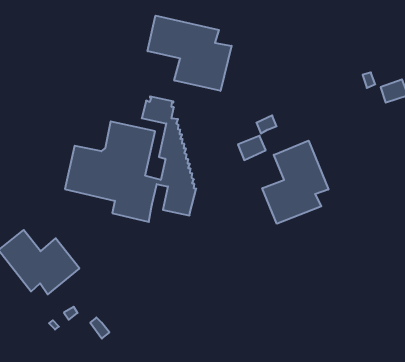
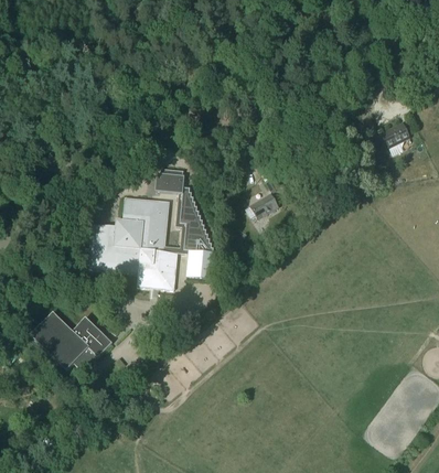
building: [148,16,232,91] -> none
building: [262,141,328,224] -> none

